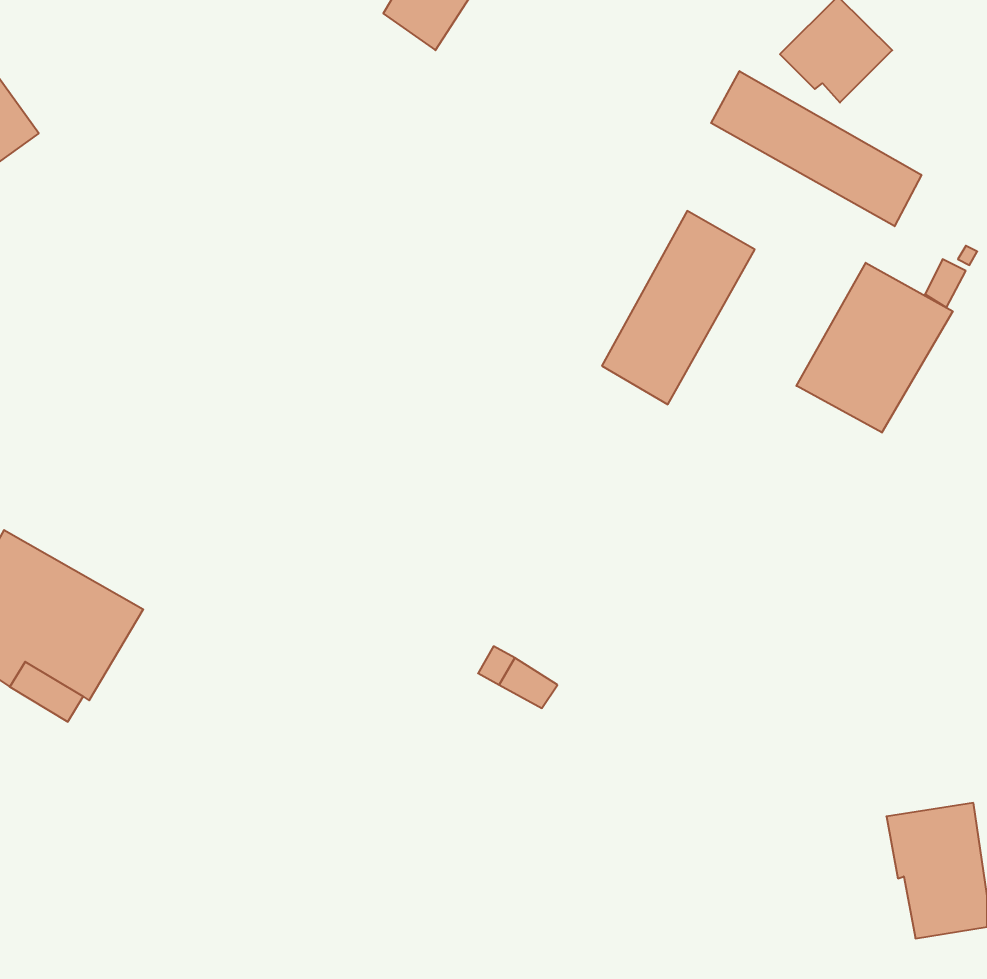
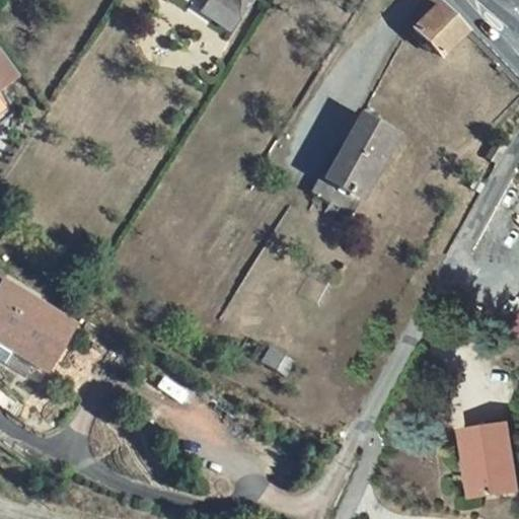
building: [711,71,921,226] -> none
building: [796,263,953,433] -> none

